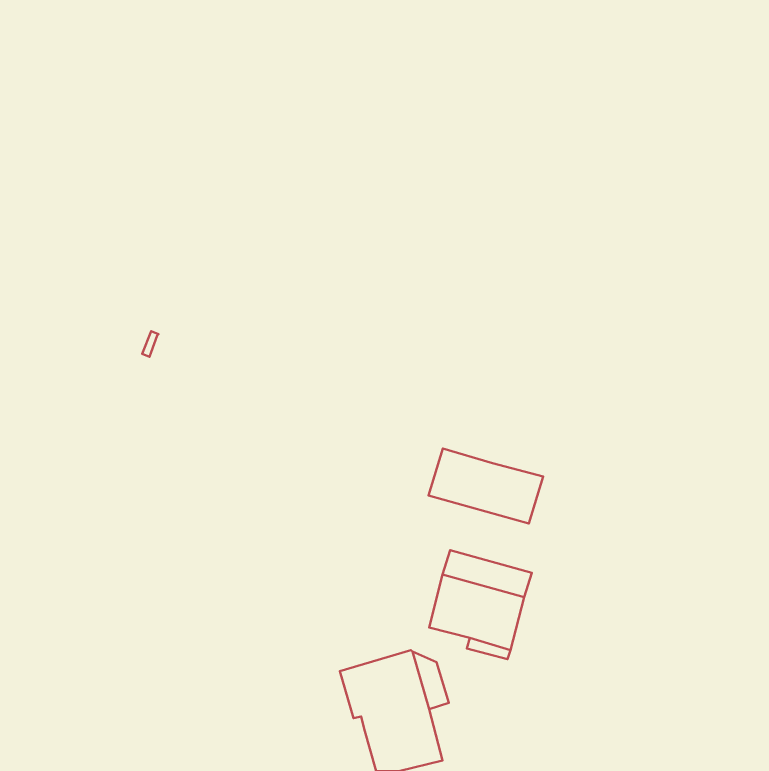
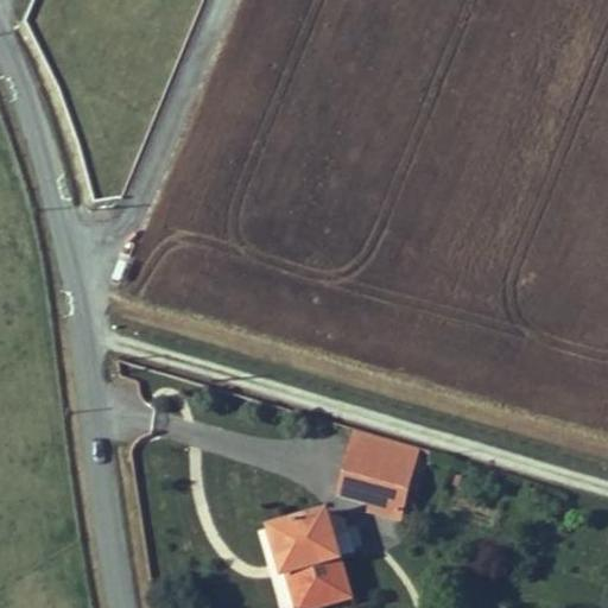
building: [428,449,543,524] -> none

